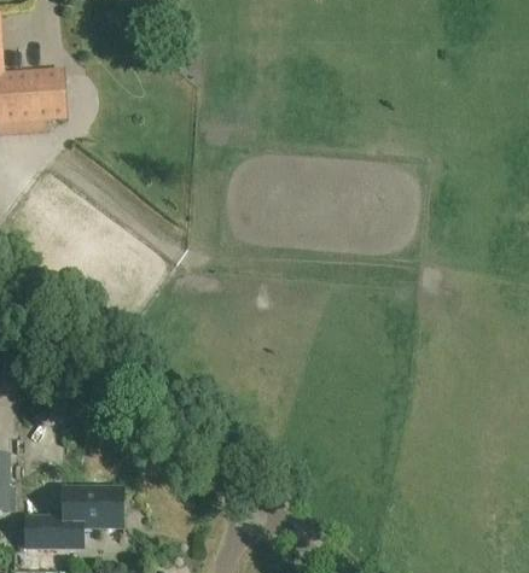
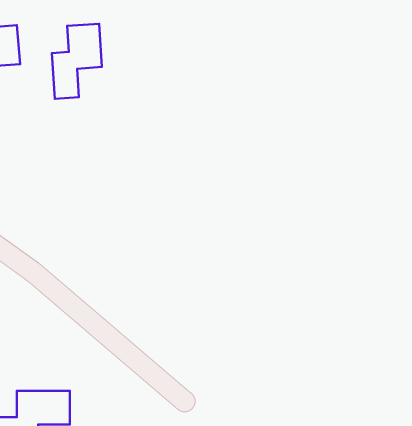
building: none -> [52,24,102,99]

